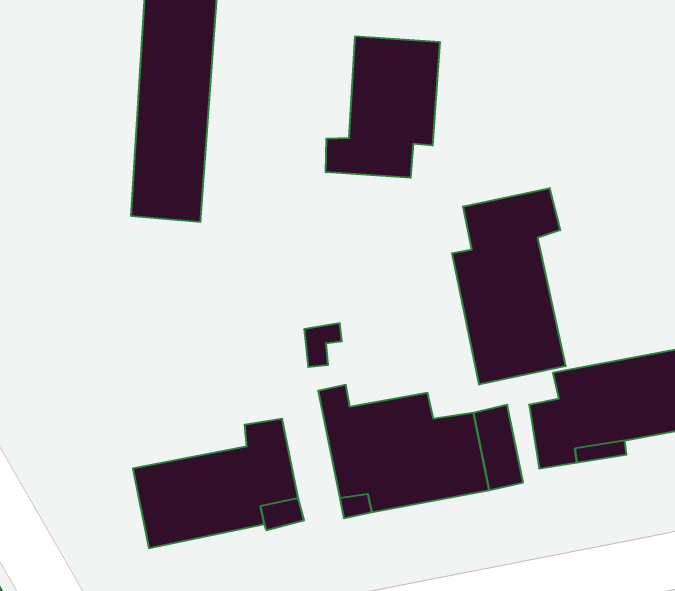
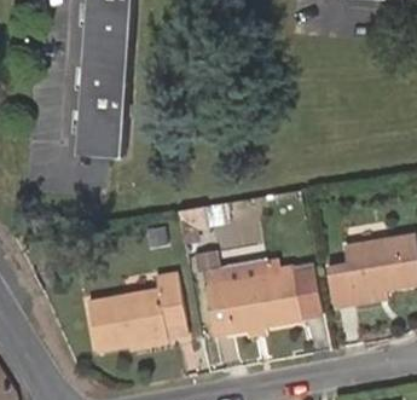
building: [326,36,440,178] -> none
building: [452,188,566,385] -> none

